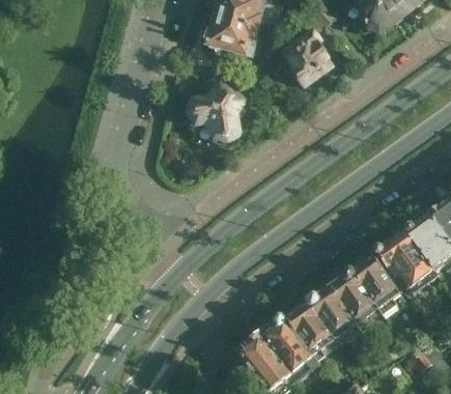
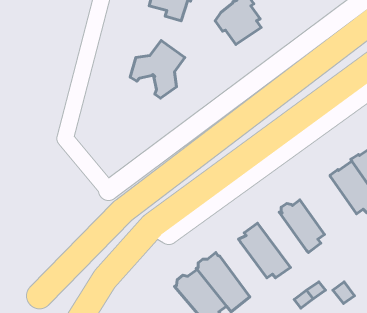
building: [373,230,436,292] -> none
building: [326,270,379,331] -> none
building: [284,301,337,363] -> none

